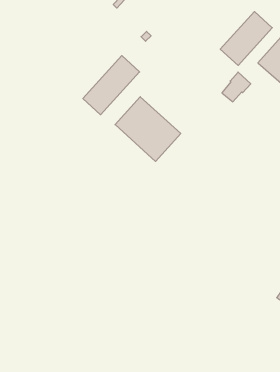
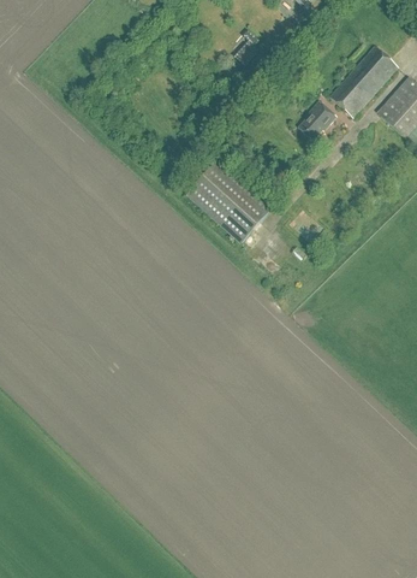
building: [83,56,140,115] -> none
building: [222,72,251,102] -> [296,99,334,138]

